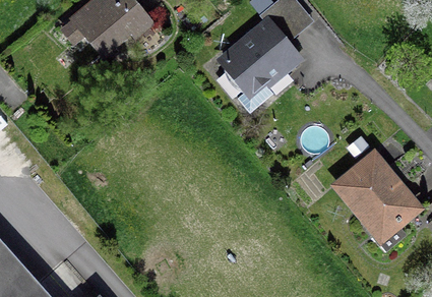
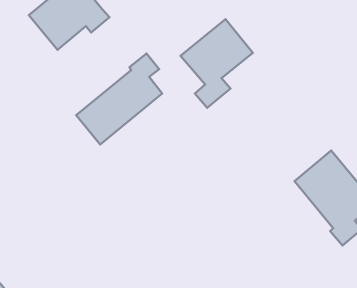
building: none -> [76,53,162,145]

